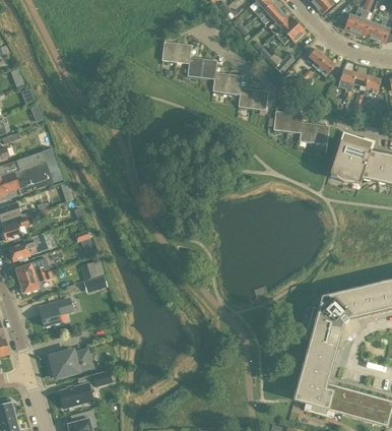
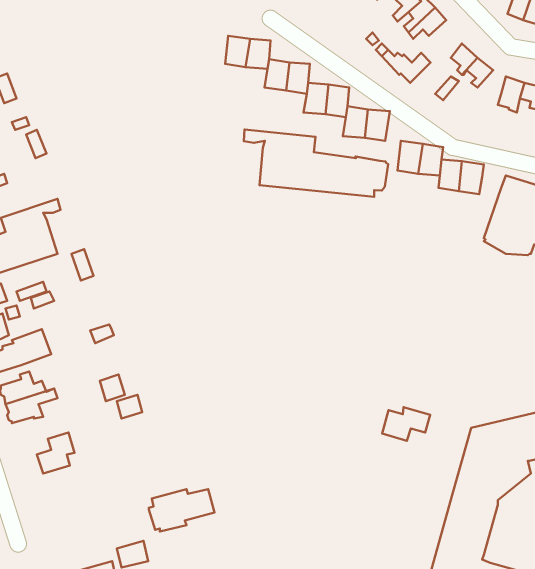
building: none -> [244,129,388,197]
building: none -> [382,407,430,441]
building: [48,350,90,377] -> [149,489,215,531]

